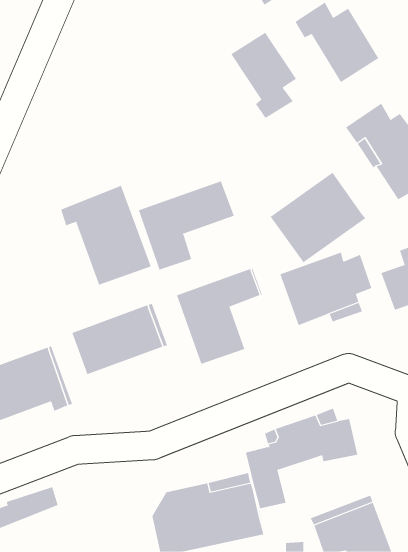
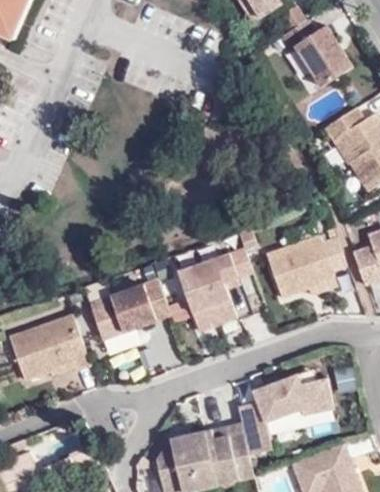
building: [230,32,297,119] -> none
building: [270,172,366,263] -> none
building: [138,180,235,271] -> none
building: [60,185,151,285] -> none

